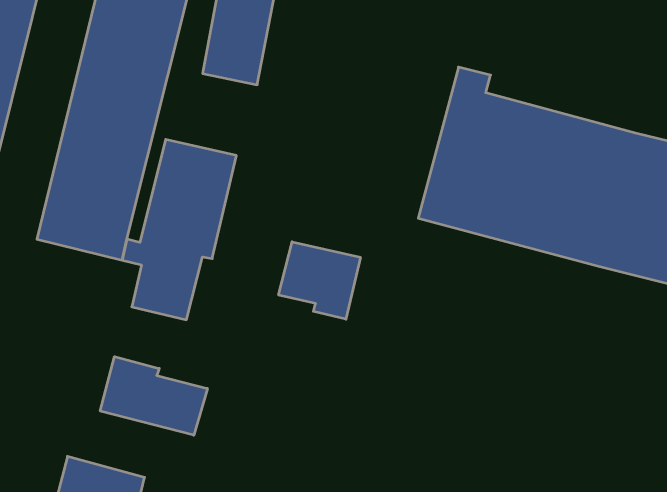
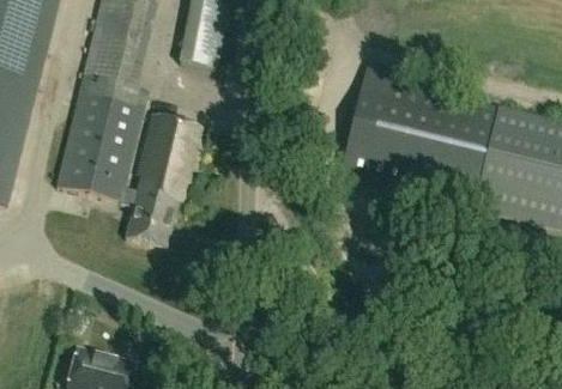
building: [279,242,360,319] -> none
building: [100,357,207,435] -> none

